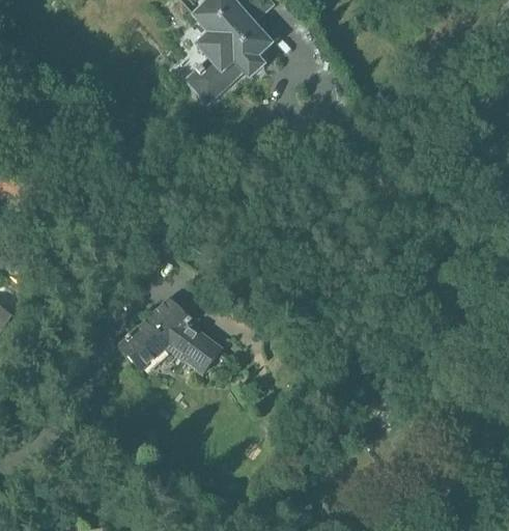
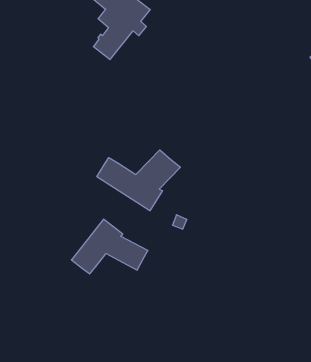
building: none -> [97,150,180,211]

